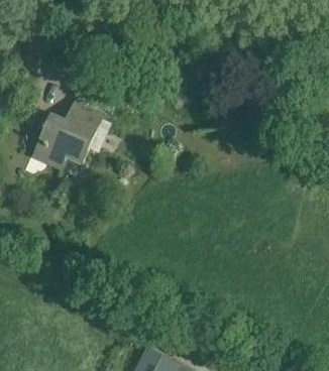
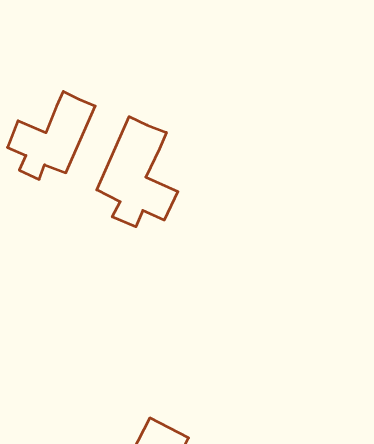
building: none -> [97,117,178,227]

